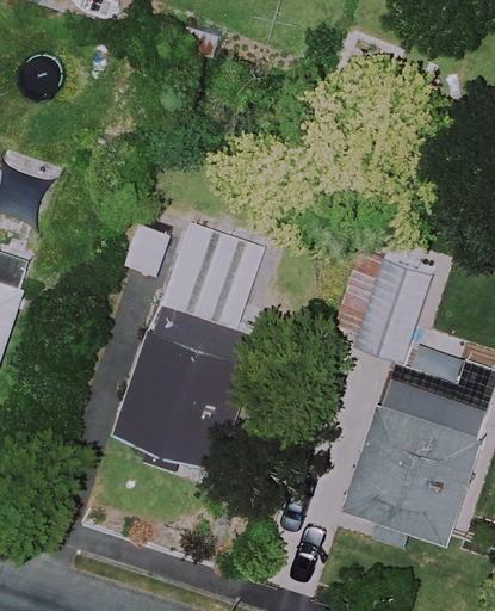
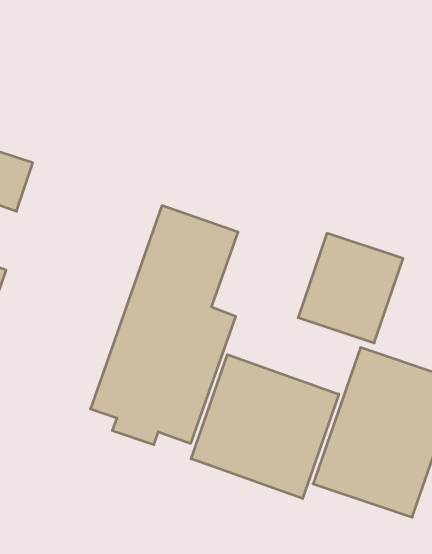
building: none -> [191,355,339,499]

